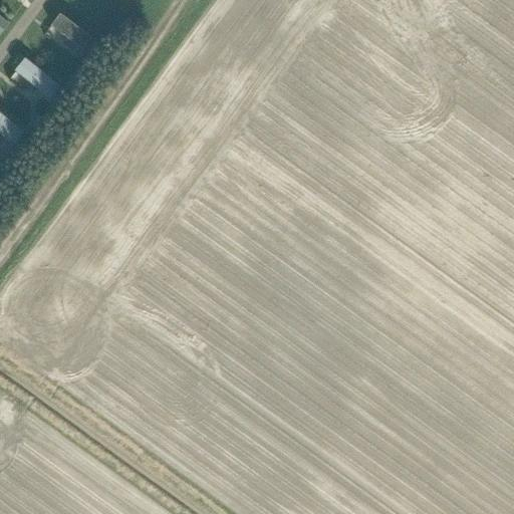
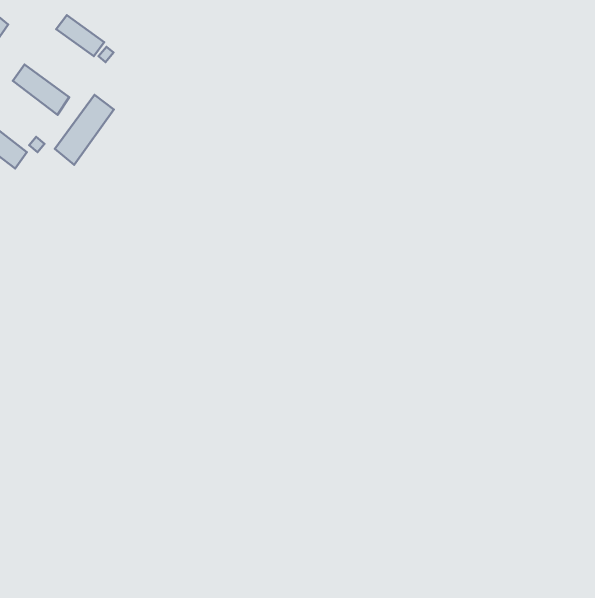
building: none -> [55,95,114,165]

